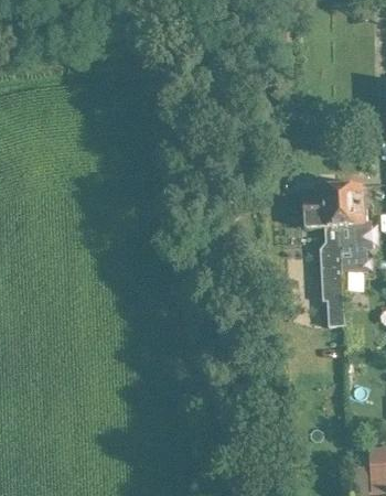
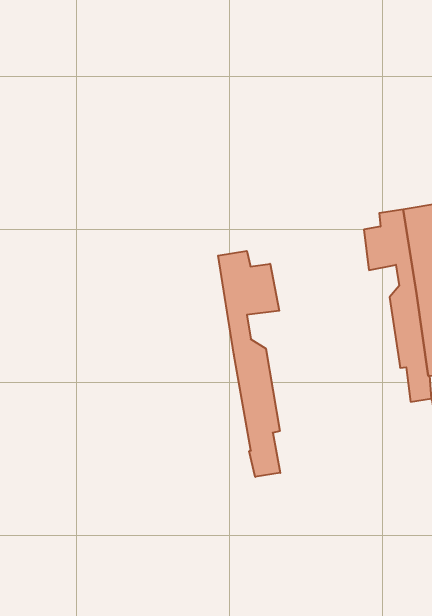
building: none -> [218,251,280,477]

